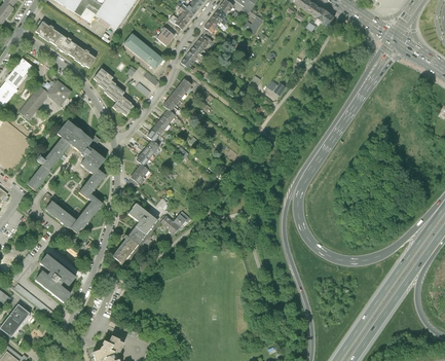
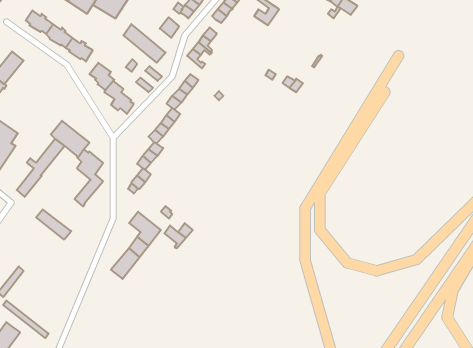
building: [20,79,72,118] -> none
building: [70,193,102,232] -> none
building: [35,254,75,302] -> none

